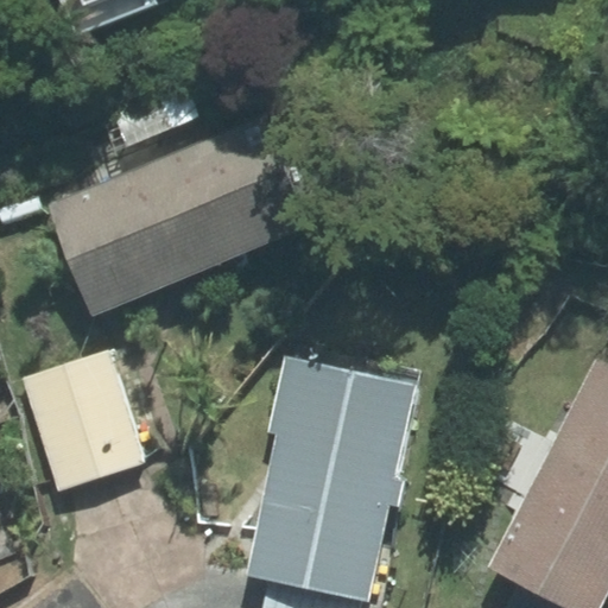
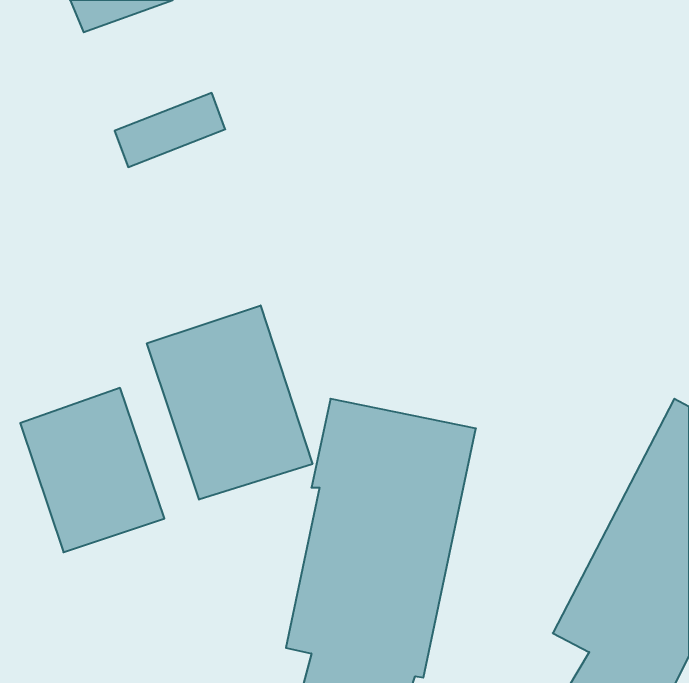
building: [50,118,311,315] -> none
building: none -> [147,305,312,500]

